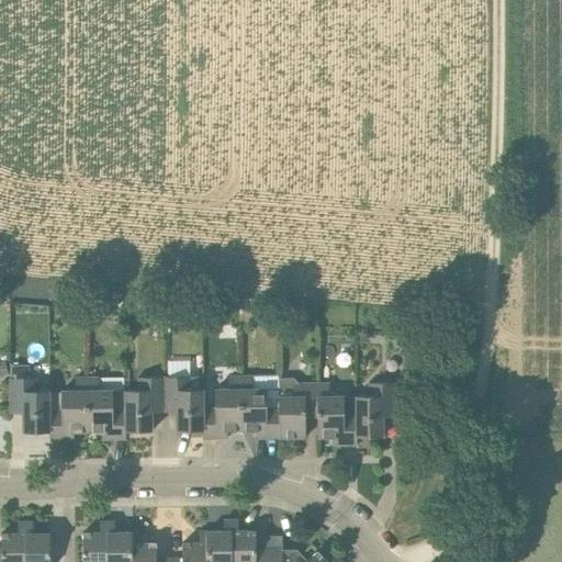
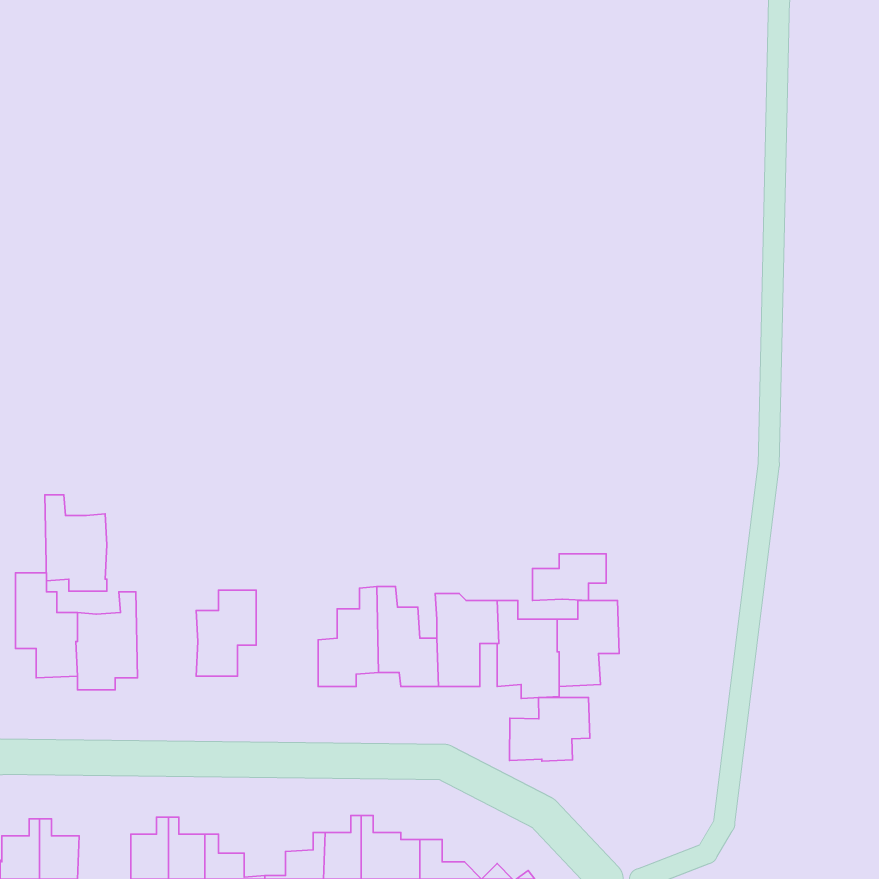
building: none -> [533,554,606,600]
building: [164,360,203,431] -> none
building: [87,378,126,439] -> [45,495,107,591]
building: none -> [509,698,590,761]

